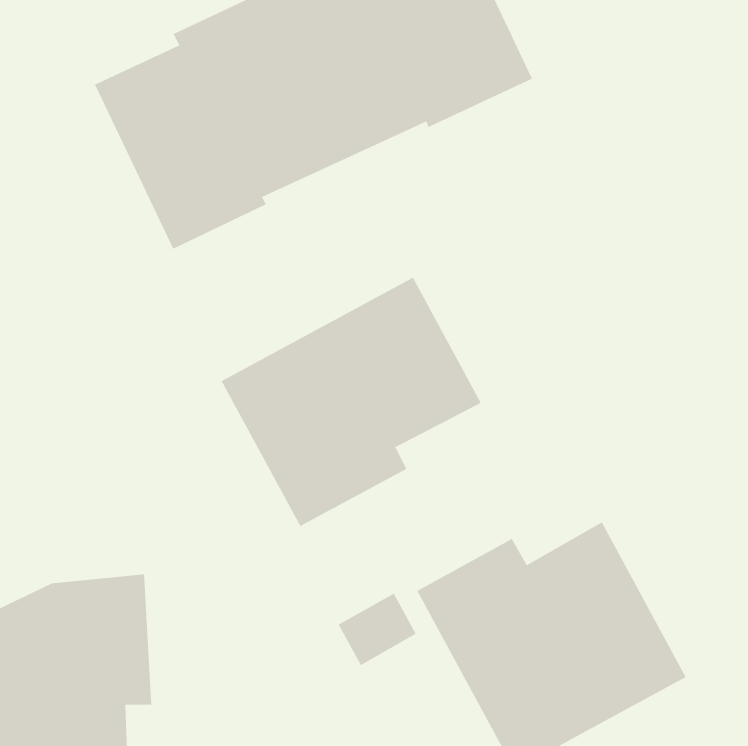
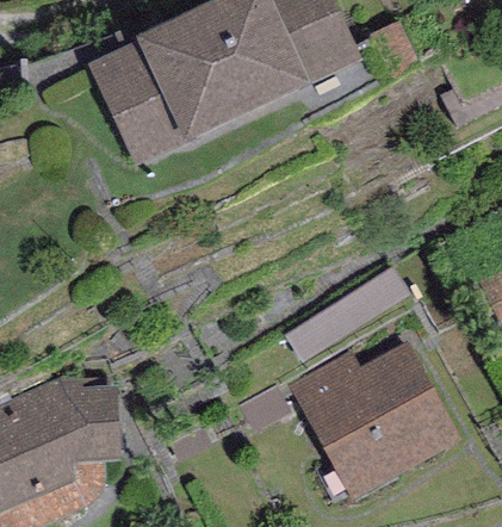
building: [221,277,481,527] -> none

